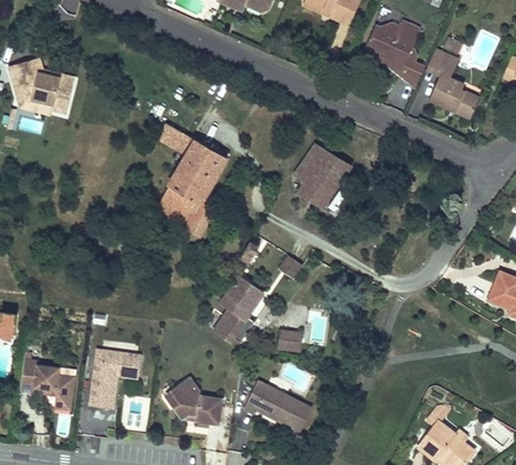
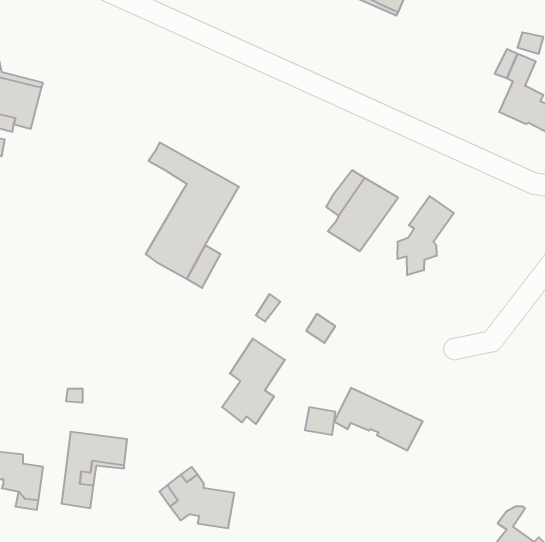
building: [366,19,424,88] -> none
building: none -> [397,196,454,275]
building: [244,381,313,429] -> [334,388,423,450]

